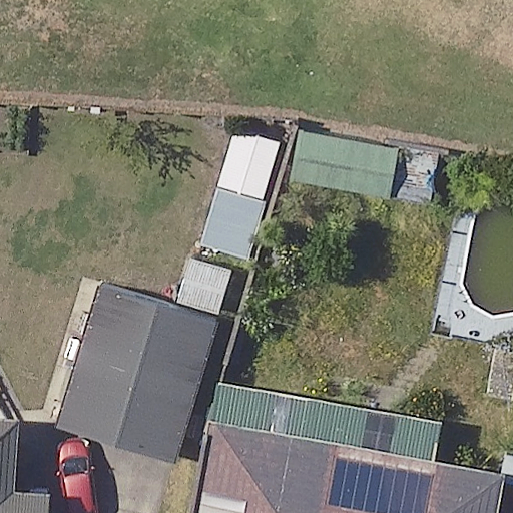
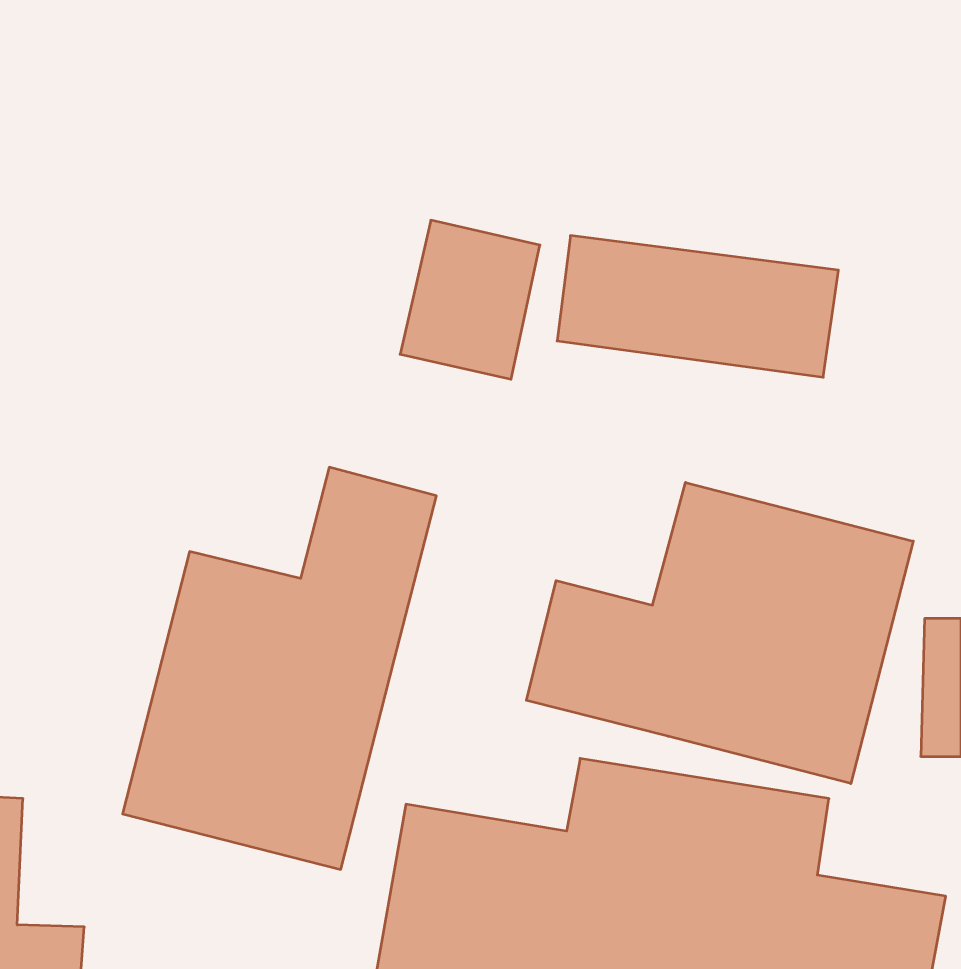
building: none -> [526,482,913,784]

